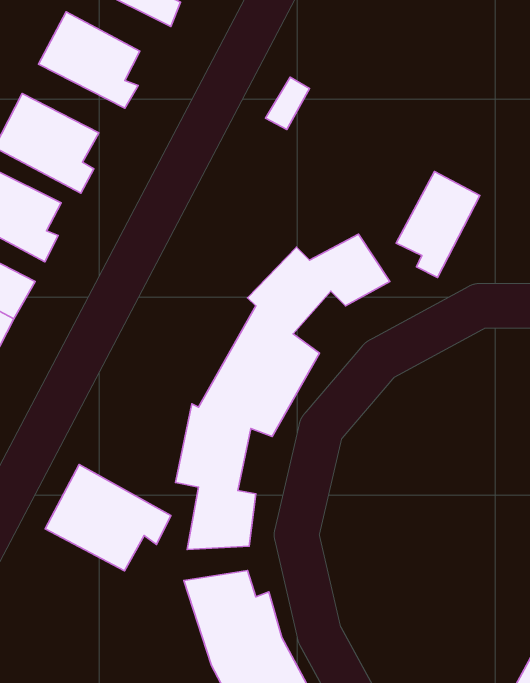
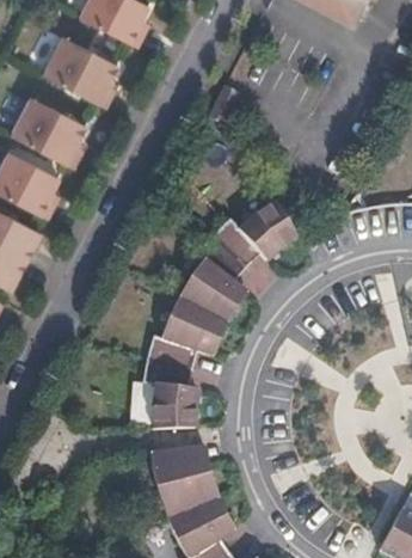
building: [396,171,480,278] -> none
building: [45,465,171,571] -> none

